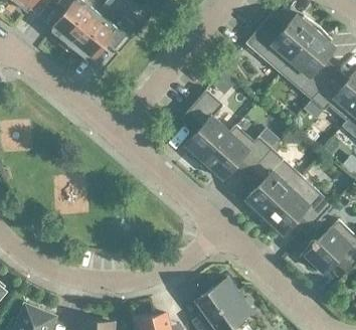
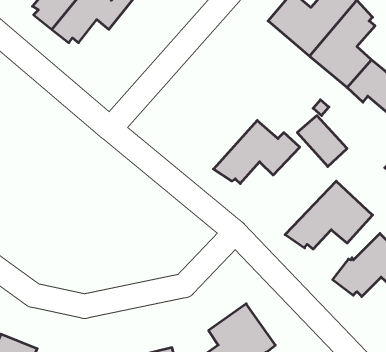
building: [185,90,236,166] -> none
building: [245,148,302,220] -> none

